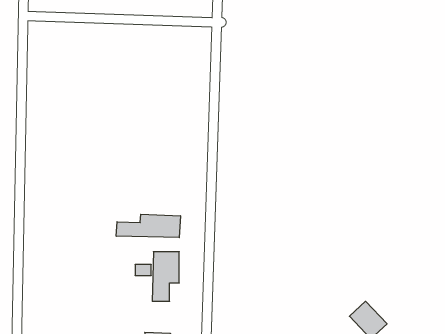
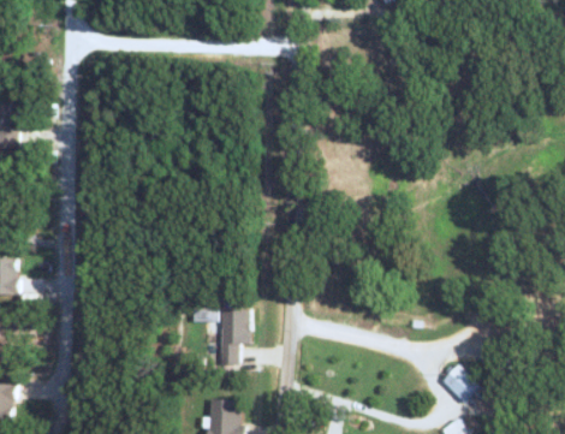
building: [116,214,180,238] -> none

